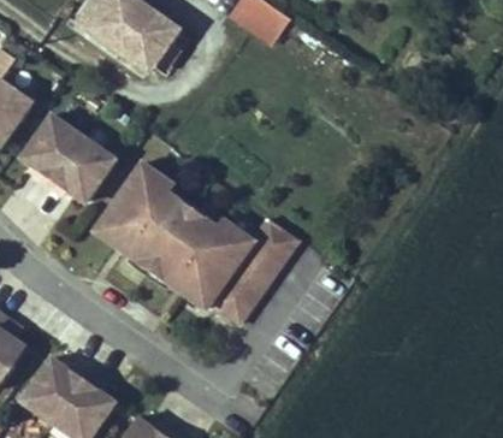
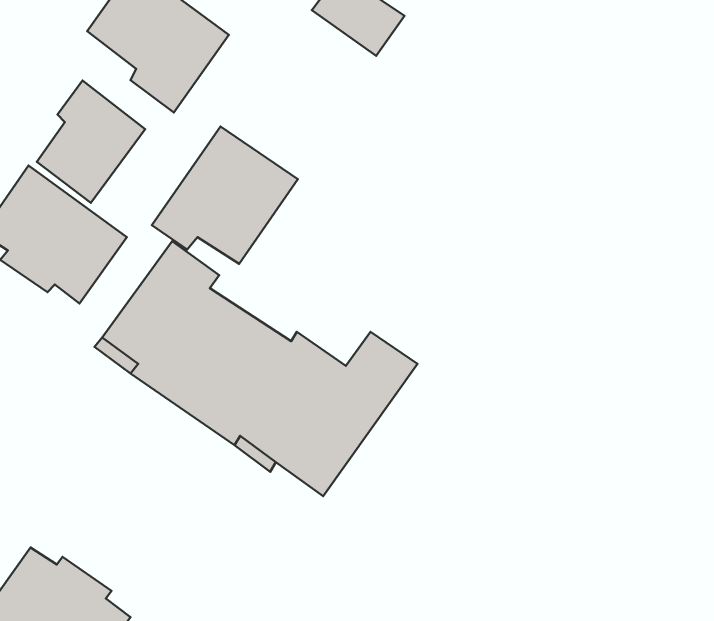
building: none -> [37,81,145,203]
building: none -> [152,127,298,264]

